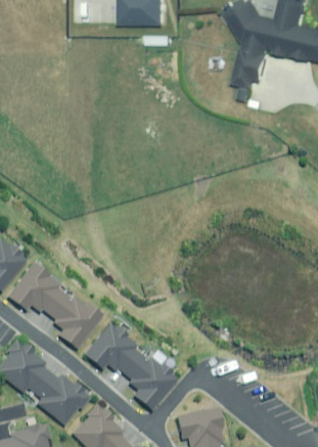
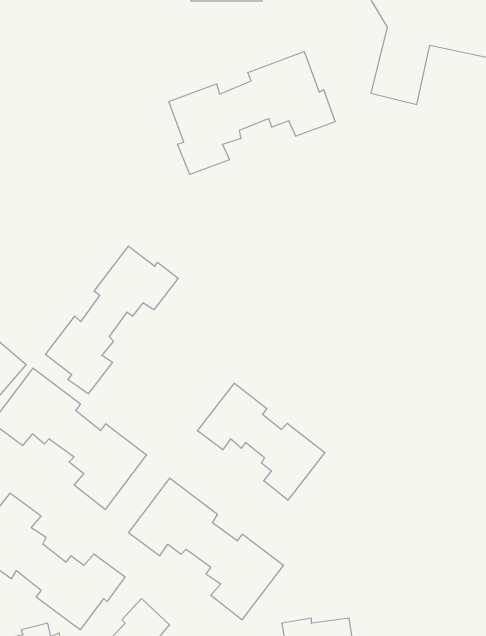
building: none -> [169,51,335,174]
building: none -> [45,246,178,394]
building: none -> [197,383,325,500]

